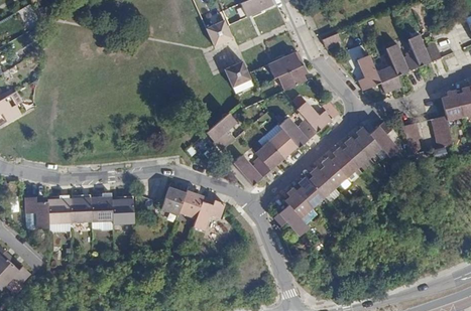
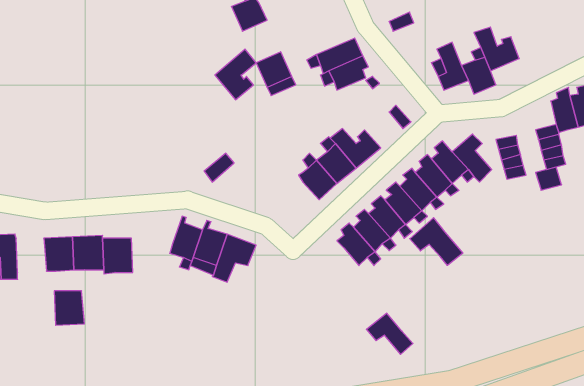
building: [407,34,441,66] -> none
building: [297,102,331,132] -> none
building: [207,113,237,150] -> [215,49,256,100]
building: [233,154,271,185] -> none
building: none -> [410,218,463,265]
building: [48,198,71,223] -> [54,291,84,325]
building: [274,205,309,236] -> [366,313,413,354]

